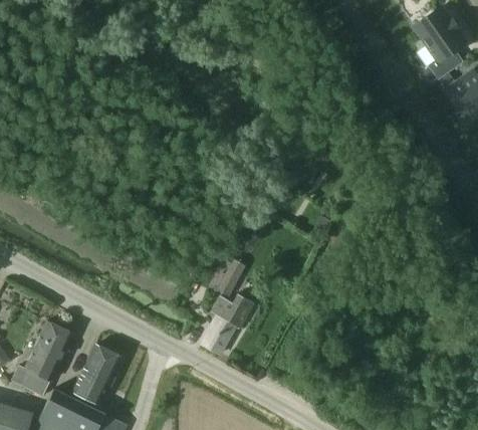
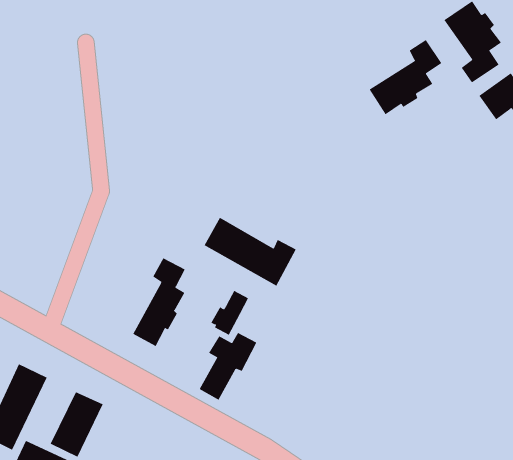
building: none -> [369,39,442,115]
building: none -> [204,217,296,286]
building: none -> [132,257,186,347]

